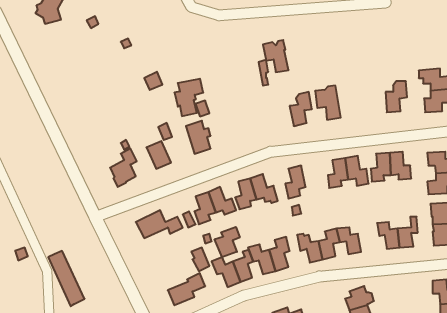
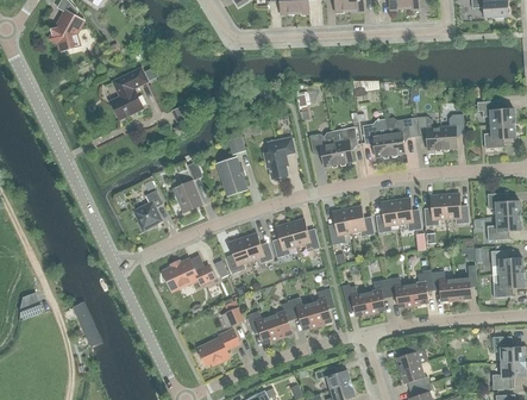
building: none -> [111,67,146,118]
building: [263,40,289,72] -> [309,130,338,165]
building: [174,79,203,116] -> [263,136,295,177]
building: none -> [416,115,441,149]
building: none -> [384,117,410,154]
building: none -> [346,205,375,236]
building: none -> [409,268,433,304]
building: [215,227,240,257] -> none

